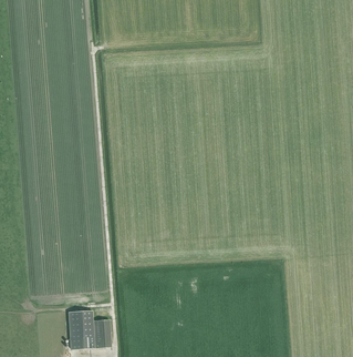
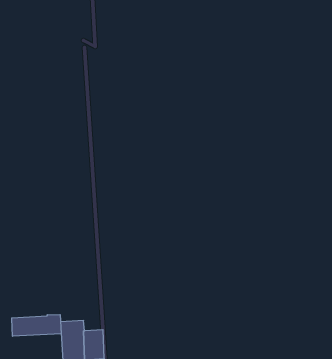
building: none -> [12,315,61,336]

